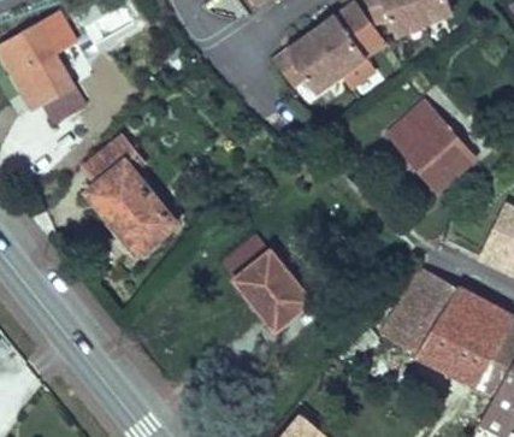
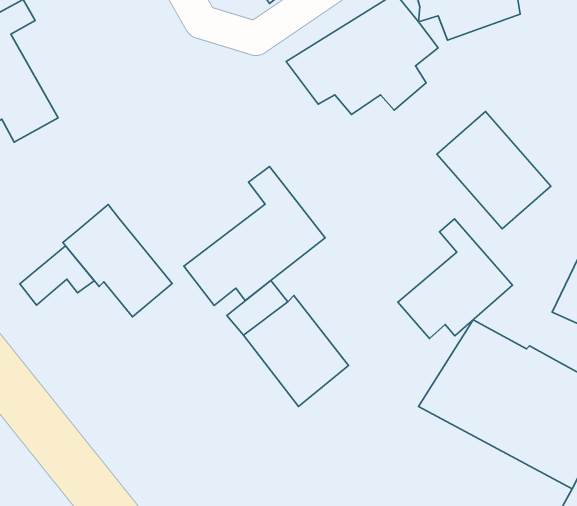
building: none -> [184,166,325,305]
building: [88,144,147,191] -> [20,246,94,305]
building: none -> [398,219,513,339]

